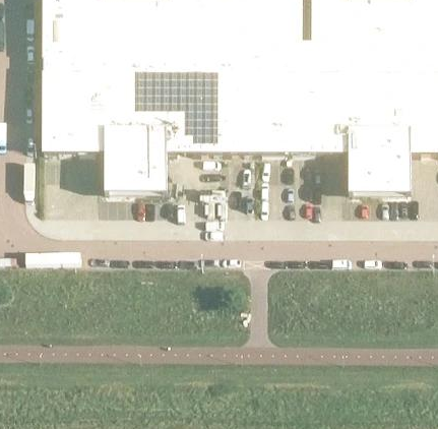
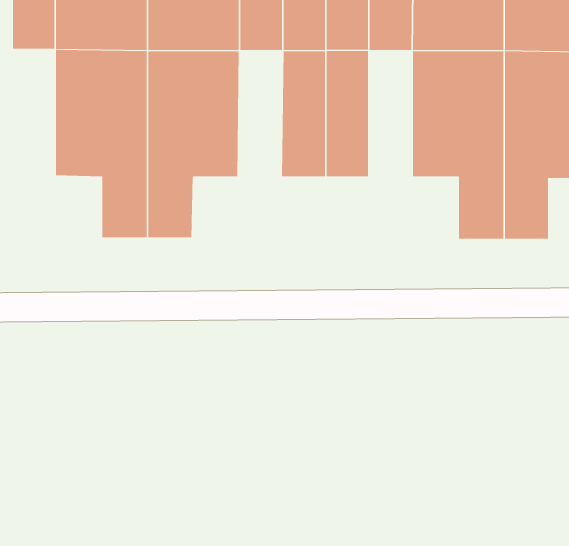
building: [44,63,73,149] -> none
building: [198,64,229,150] -> none
building: [288,64,317,150] -> none

